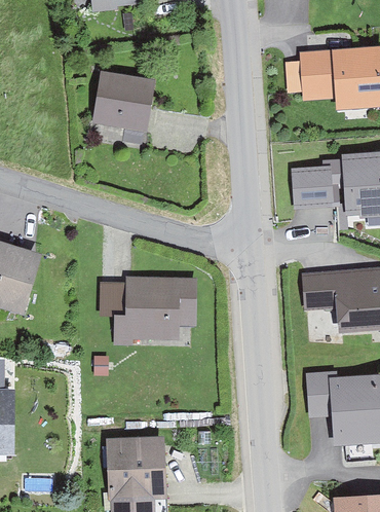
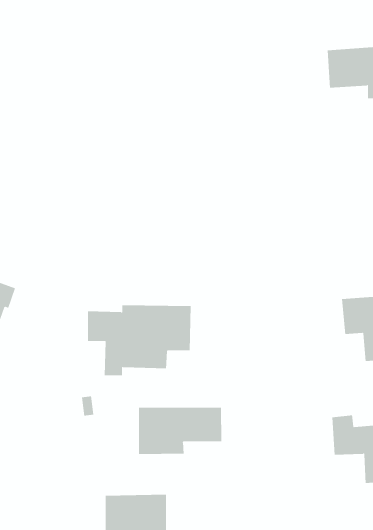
building: [98,76,152,141] -> none
building: [294,168,328,202] -> none
building: none -> [139,407,222,455]

